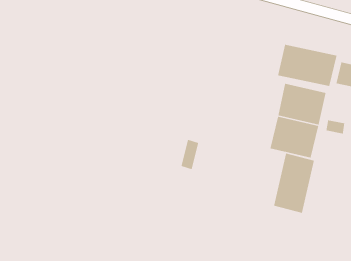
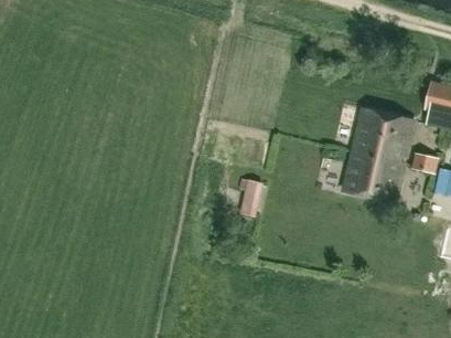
building: [277,44,337,87] -> none
building: [273,152,315,214] -> none

